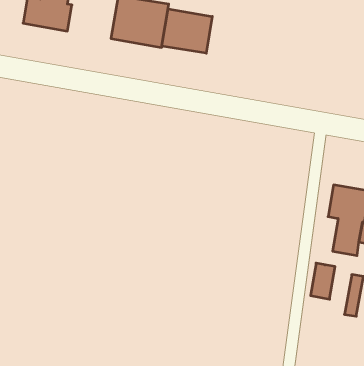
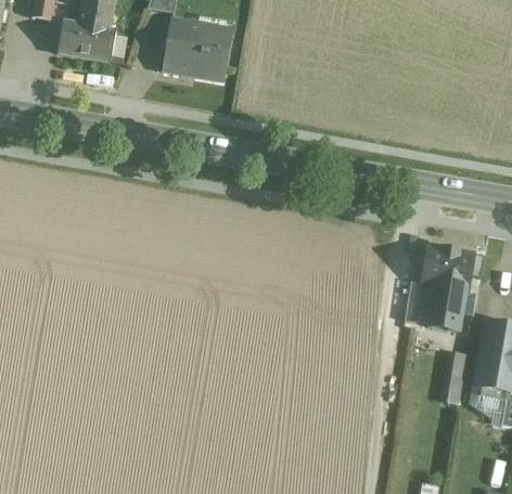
building: [162,9,212,53] -> none
building: [311,263,335,299] -> [405,281,434,324]

